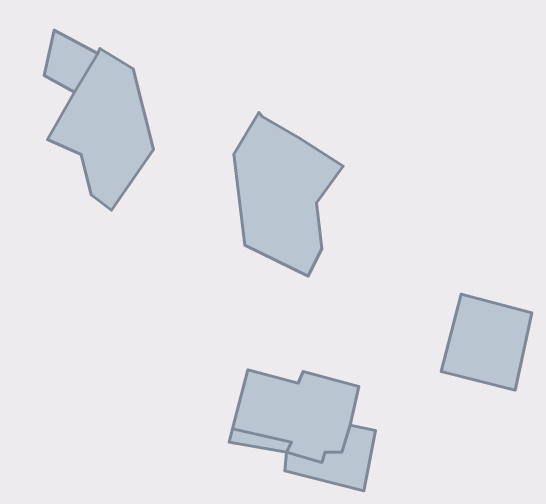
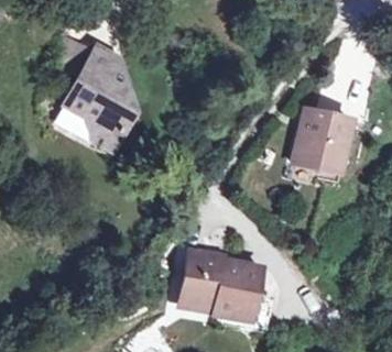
building: [234,113,343,276] -> none
building: [441,294,532,390] -> [293,107,352,169]

